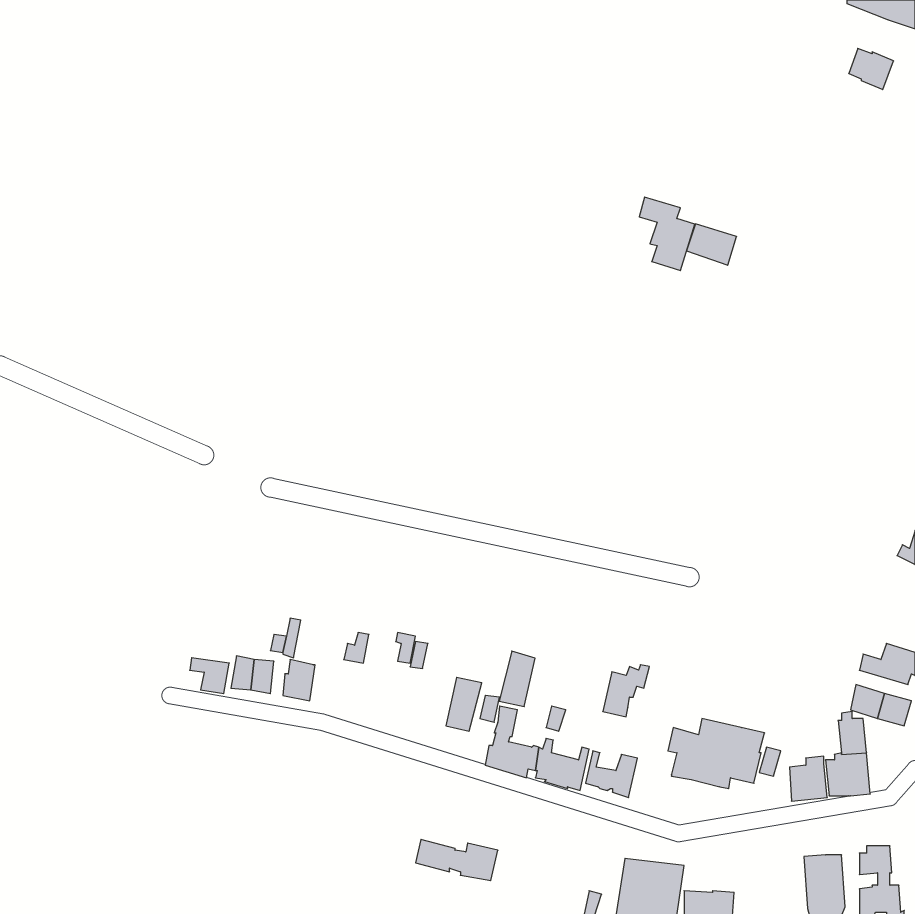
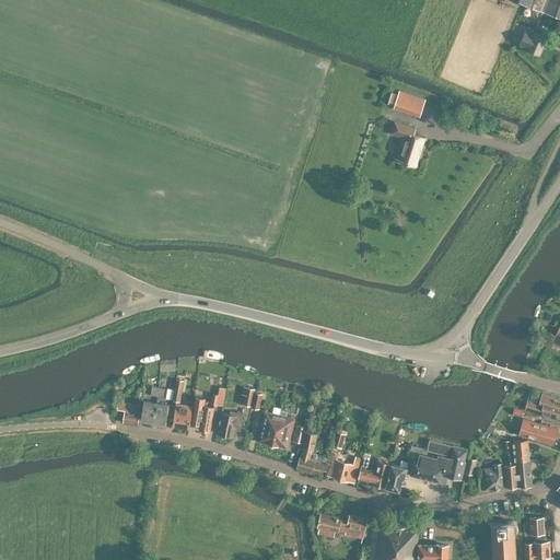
building: [687,224,737,265] -> [394,91,424,116]
building: none -> [190,398,217,431]
building: [499,651,535,707] -> [257,410,279,444]
building: [603,665,649,717] -> [385,459,413,491]
building: none -> [217,411,242,436]
building: [416,839,498,881] -> [317,513,368,538]

